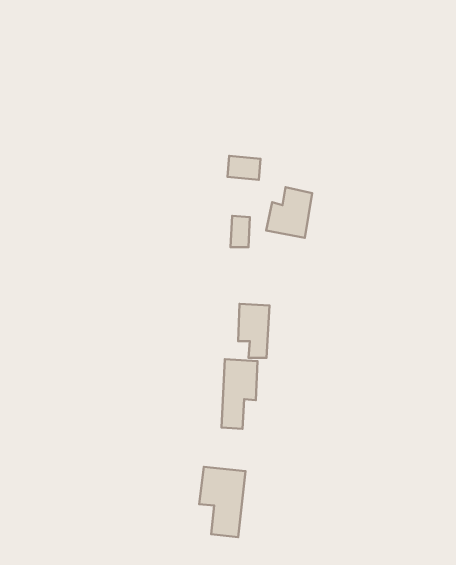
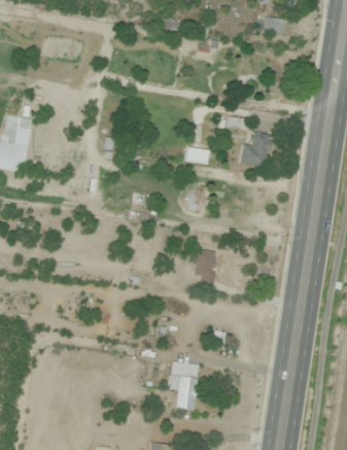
building: [266,187,312,238] -> [241,132,273,167]
building: [221,359,258,429] -> none

